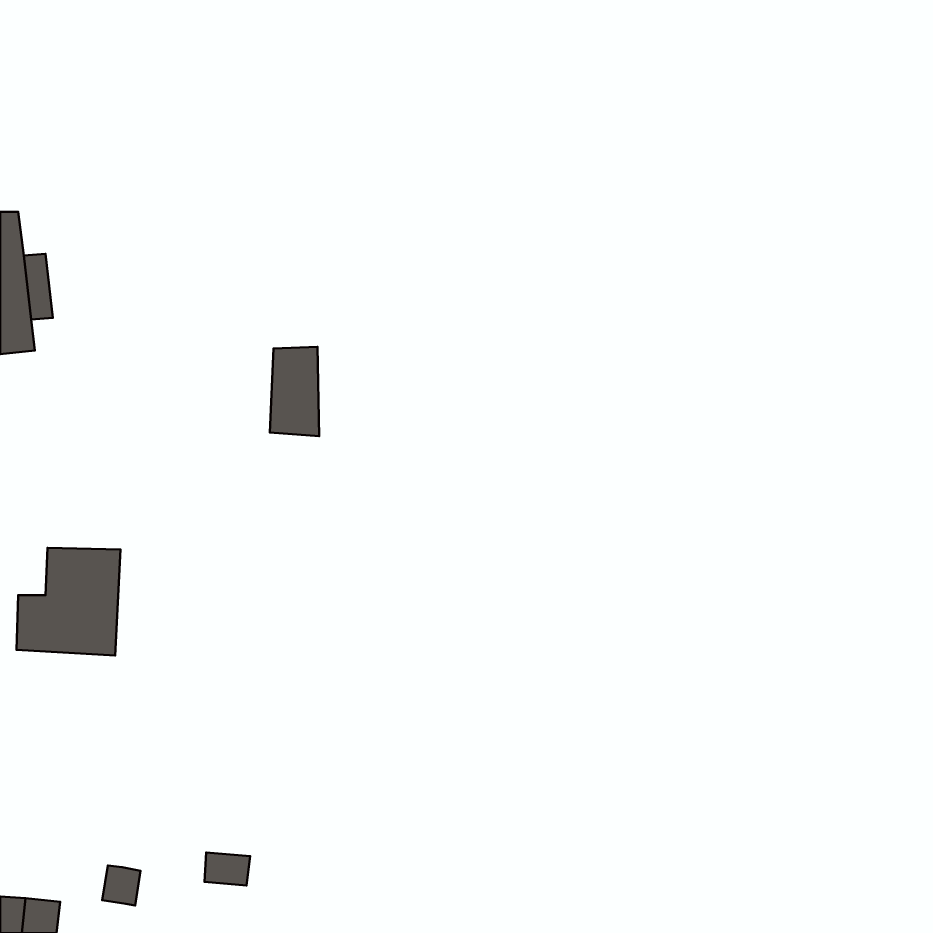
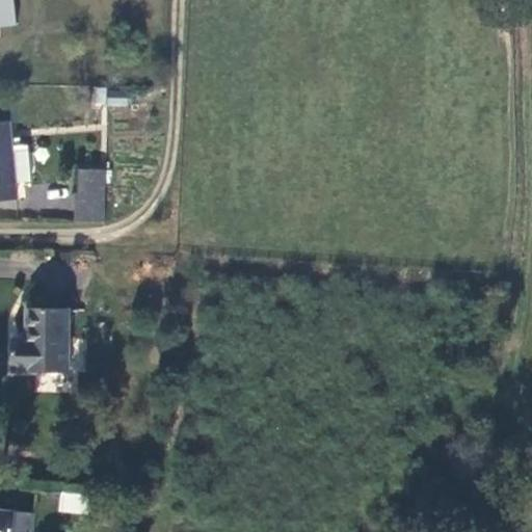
building: [270,347,319,436] -> [75,170,103,221]

